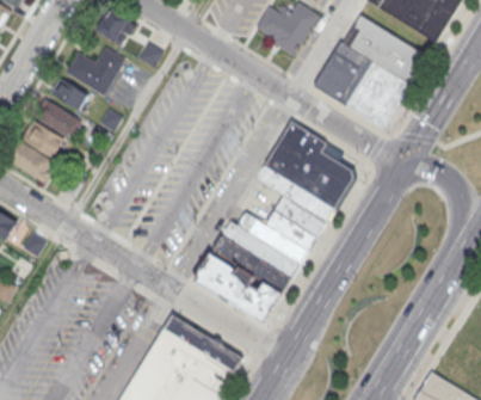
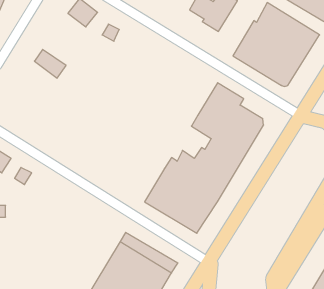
building: [66,43,125,92] -> none
building: [12,100,80,181] -> none

